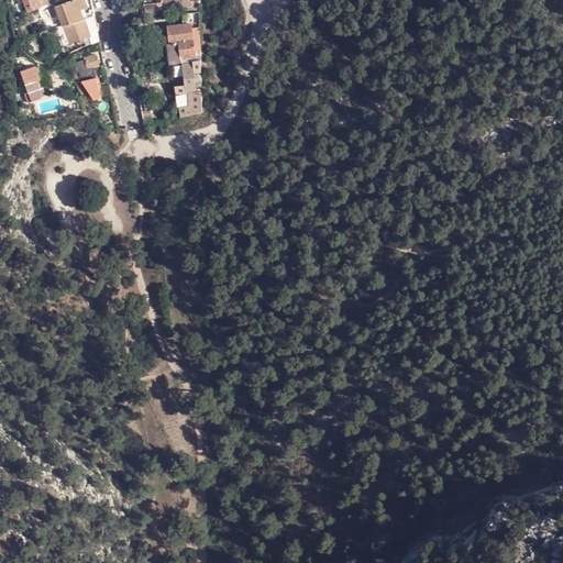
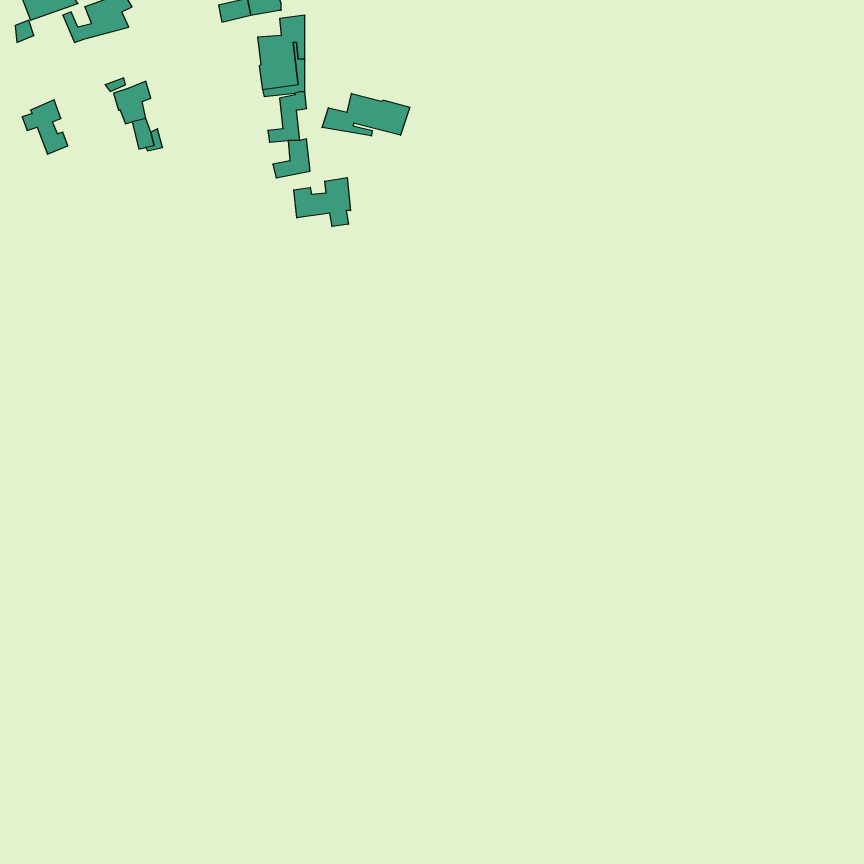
building: [55,18,90,45] -> none
building: none -> [322,93,410,136]
building: none -> [294,178,350,227]

